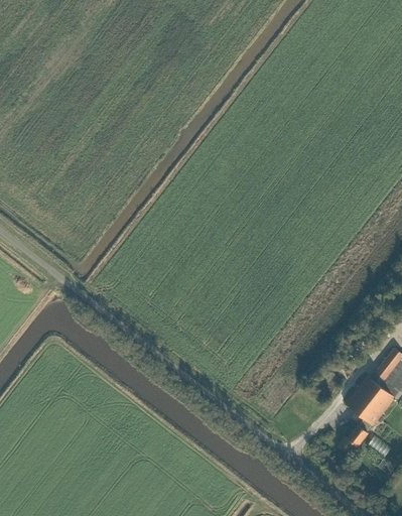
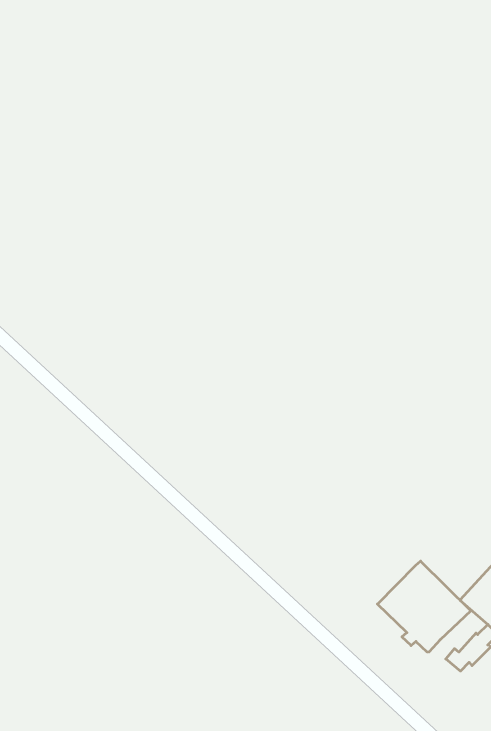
building: none -> [377,561,471,652]

